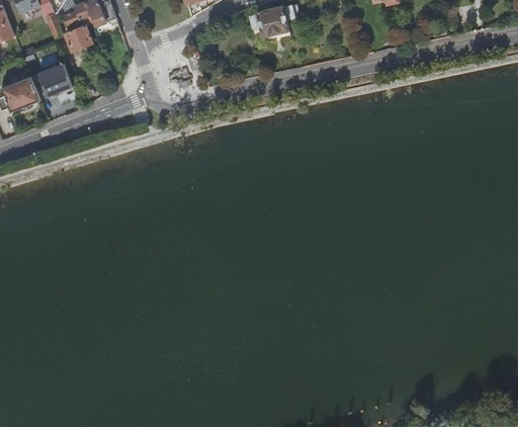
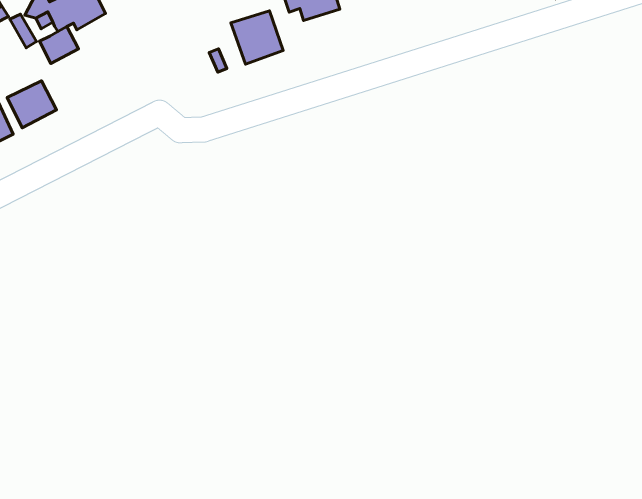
building: none -> [231,11,283,64]

